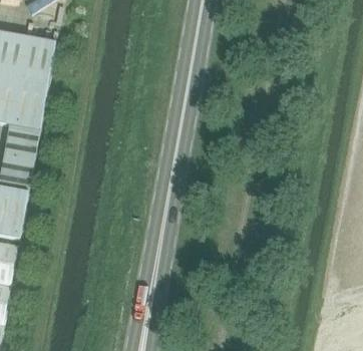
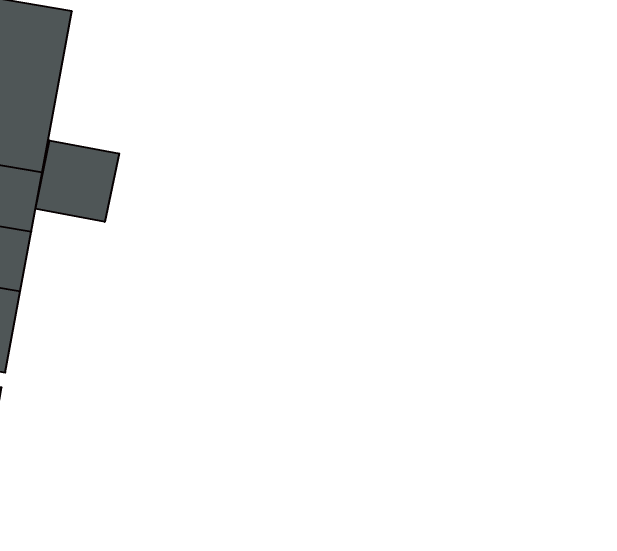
building: none -> [35,140,119,222]

